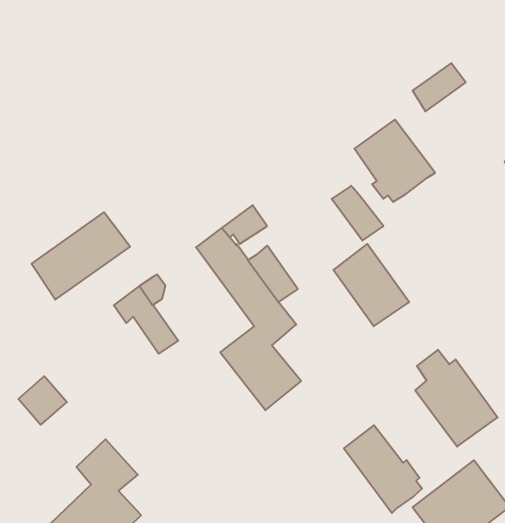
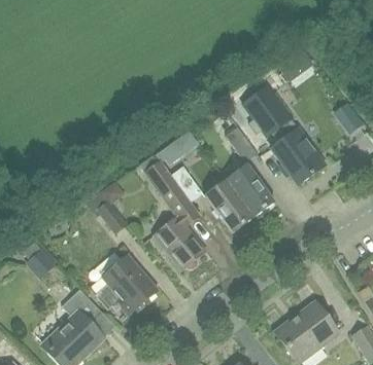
building: [32,212,130,300] -> none
building: none -> [204,180,251,231]
building: [415,350,498,447] -> [271,121,324,183]
building: none -> [94,255,158,315]
building: [344,425,422,513] -> none

